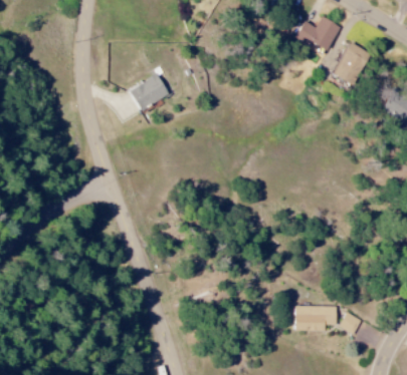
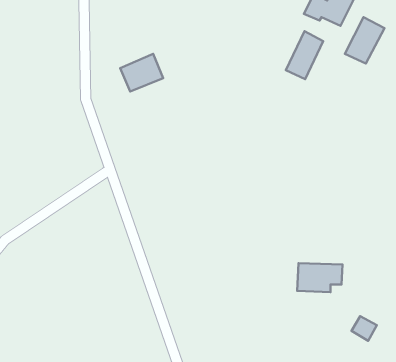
building: none -> [286,31,323,79]
building: [295,305,337,331] -> [297,263,343,292]

